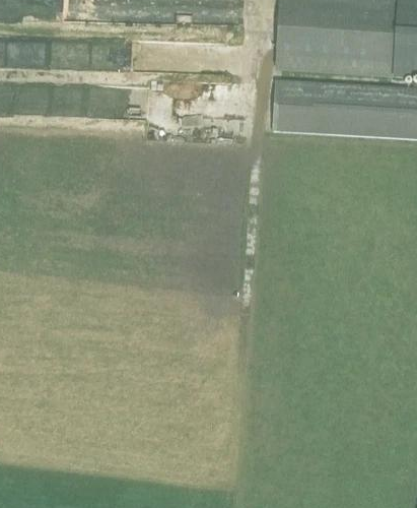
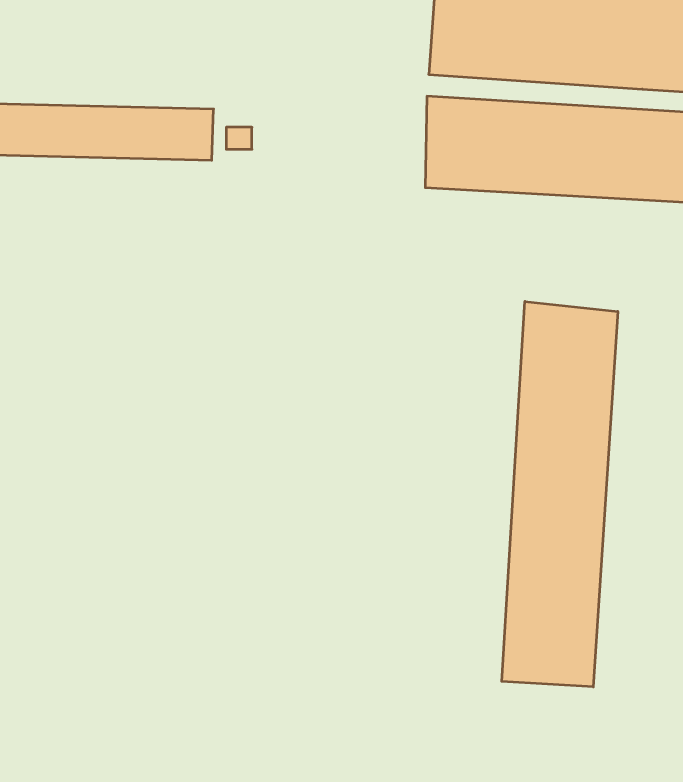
building: none -> [502,301,618,687]

